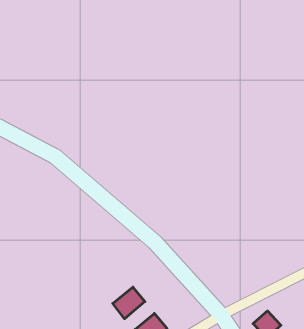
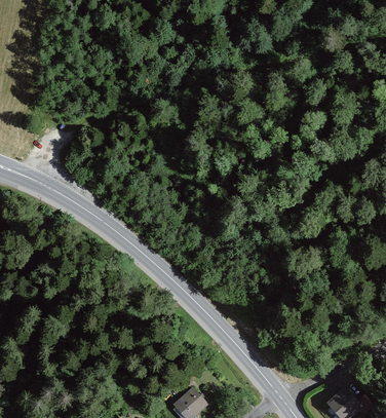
building: [113,287,145,319] -> none

